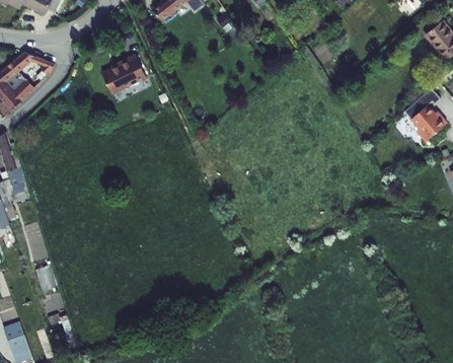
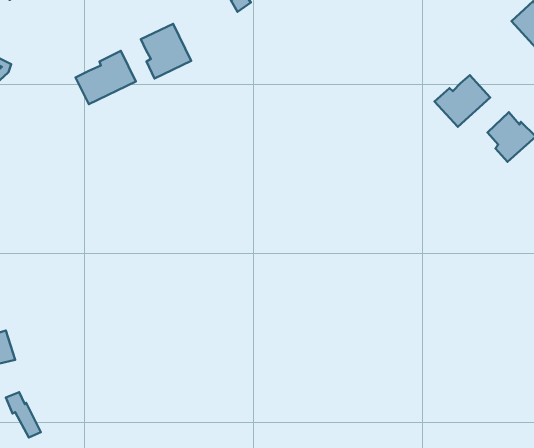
building: none -> [141,24,191,79]
building: none -> [435,75,490,127]

